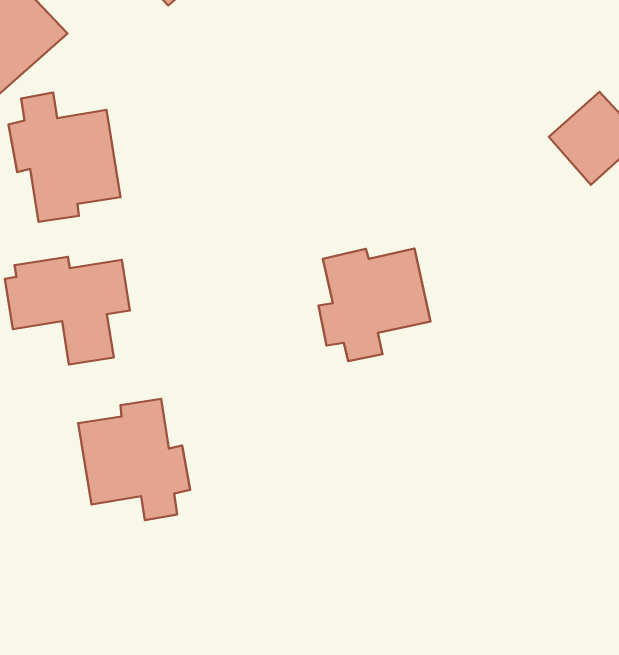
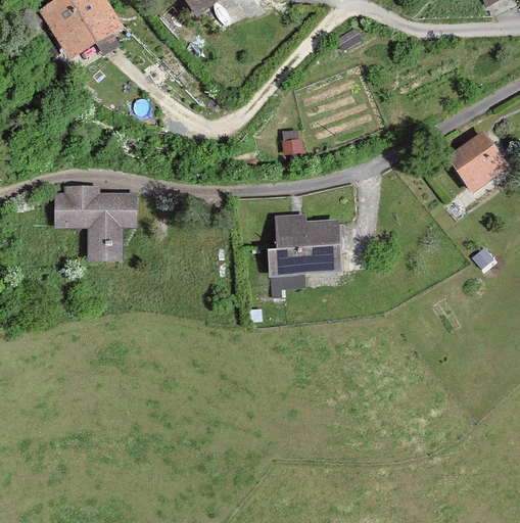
building: [9,93,120,222] -> none
building: [78,399,190,520] -> none

